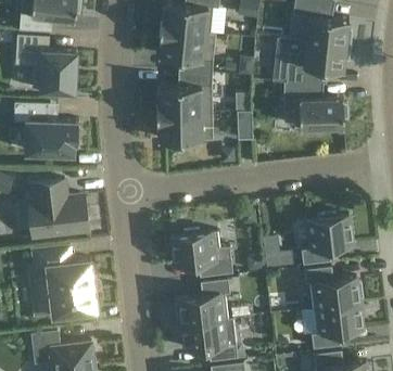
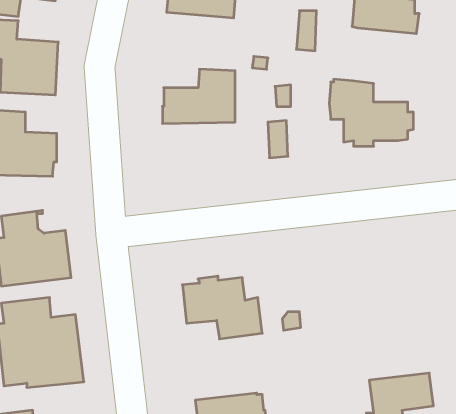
building: [159,29,215,74] -> none
building: [287,40,350,84] -> none
building: [156,113,213,141] -> none
building: [301,214,352,265] -> none
building: [304,267,363,309] -> none
building: [176,279,230,324] -> none

